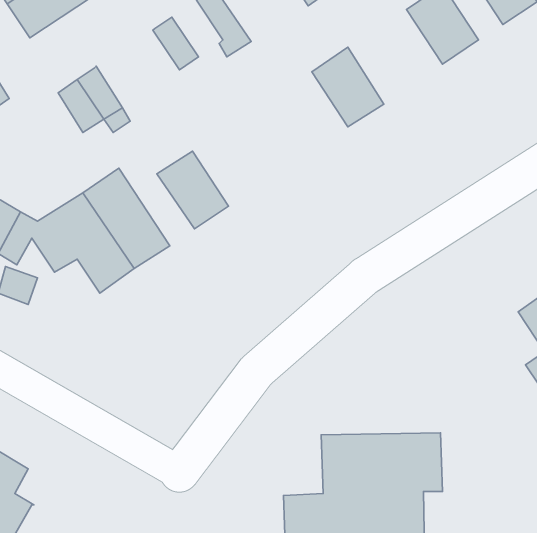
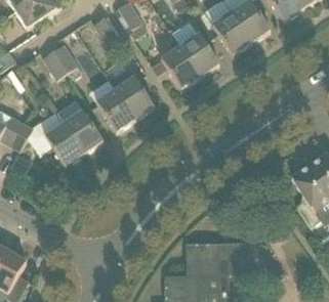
building: none -> [212,12,251,54]
building: none -> [152,46,200,88]
building: none -> [110,67,155,119]

